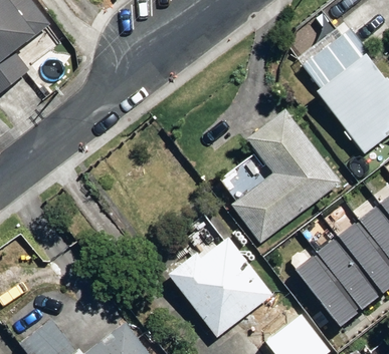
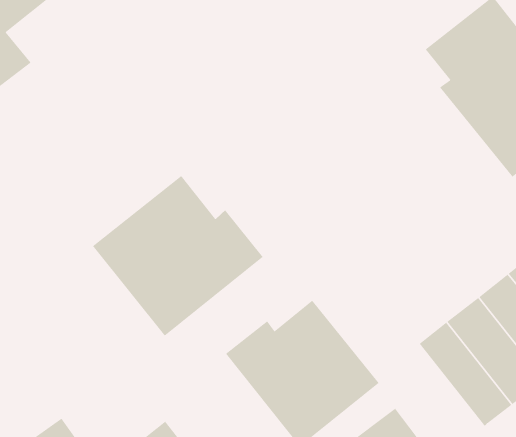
building: [230,109,341,244] -> none
building: none -> [92,175,264,336]

